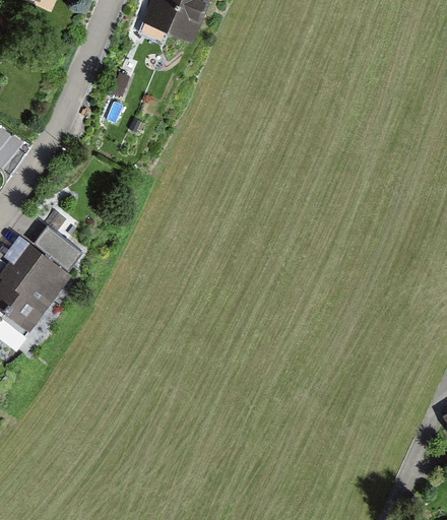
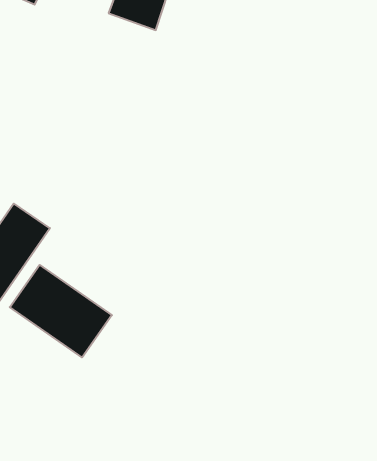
building: none -> [10,265,112,357]

